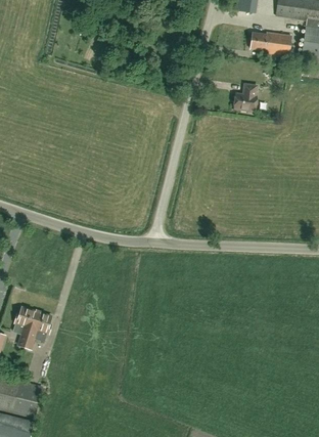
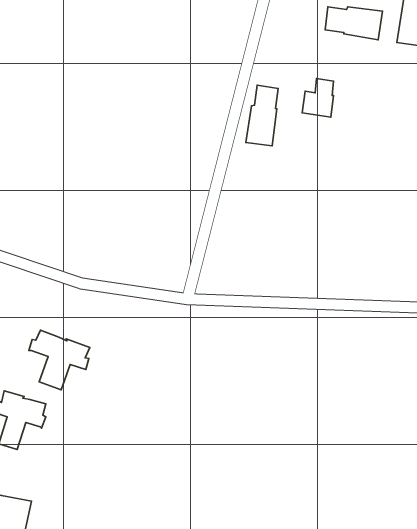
building: none -> [246,85,278,146]
building: none -> [29,330,90,390]

